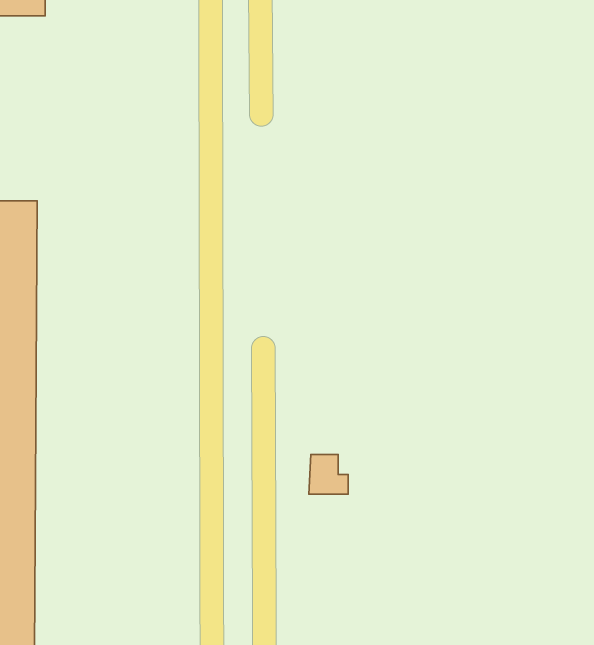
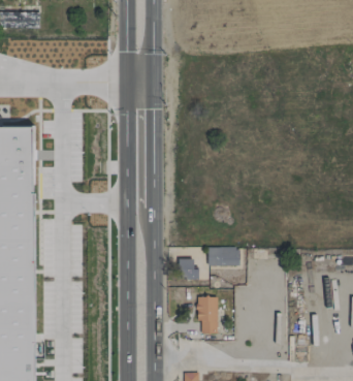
building: none -> [206,248,237,266]
building: none -> [195,297,216,335]

